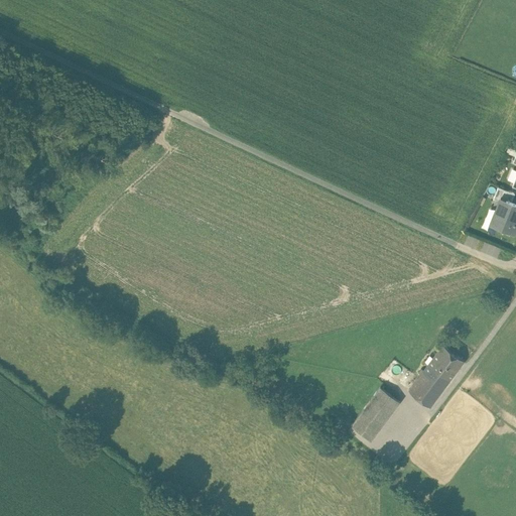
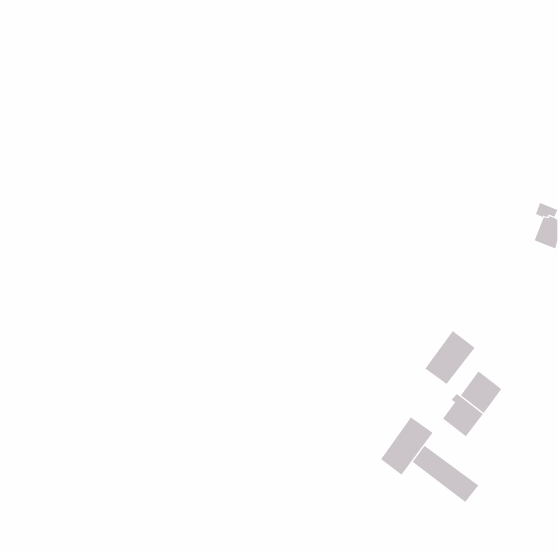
building: none -> [424,330,475,385]
building: none -> [412,445,479,503]

